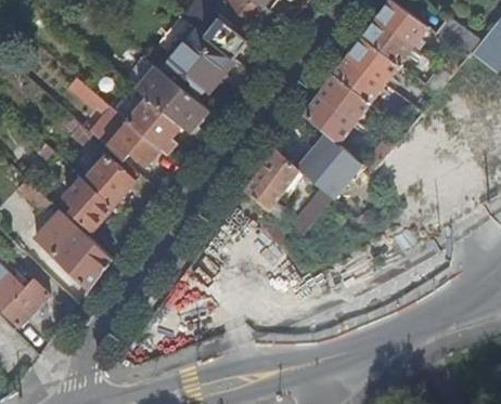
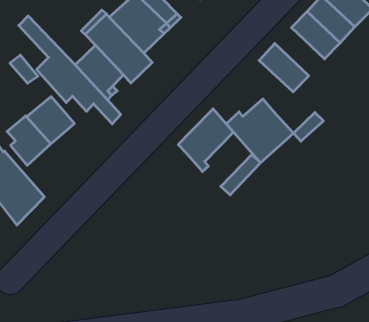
building: [332,54,385,102] -> none
building: [303,92,357,143] -> none

